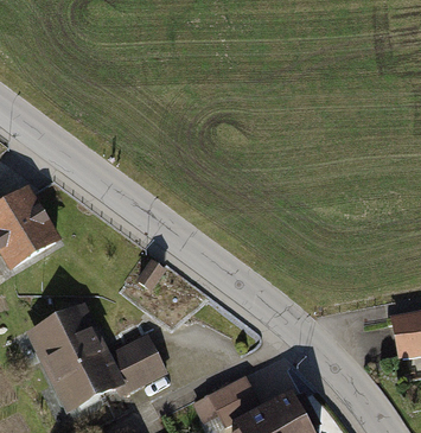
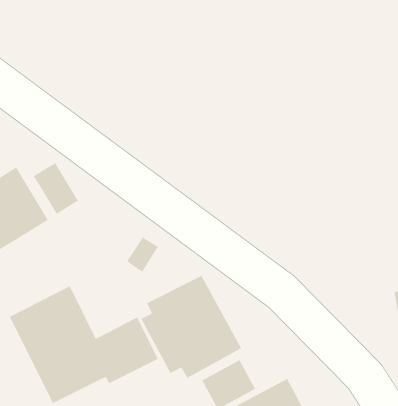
building: none -> [33,162,79,215]
building: none -> [140,275,242,379]

